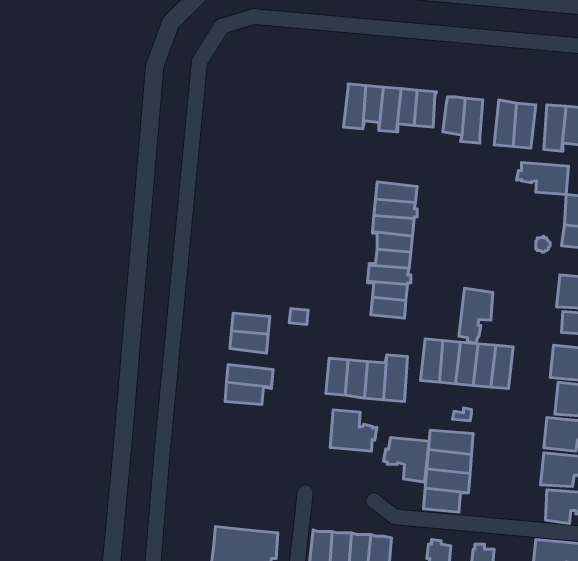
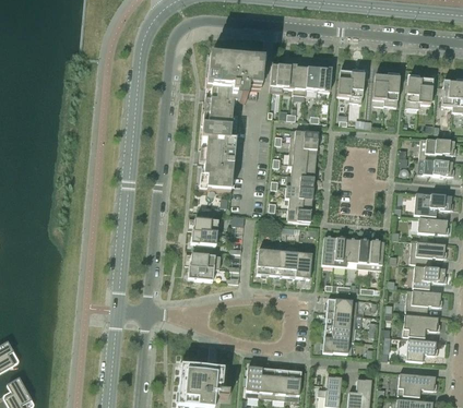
building: none -> [195,51,262,190]
building: [517,162,568,195] -> none
building: [459,288,493,344] -> none
building: [330,410,377,451] -> none
building: [383,438,429,482] -> none

